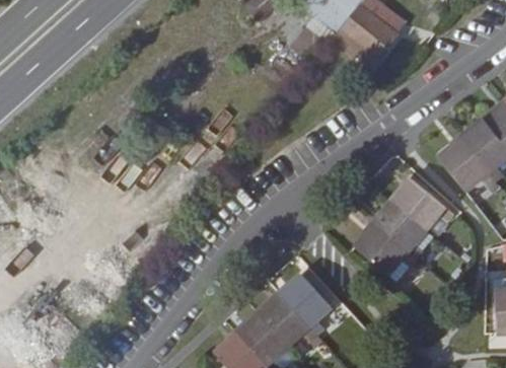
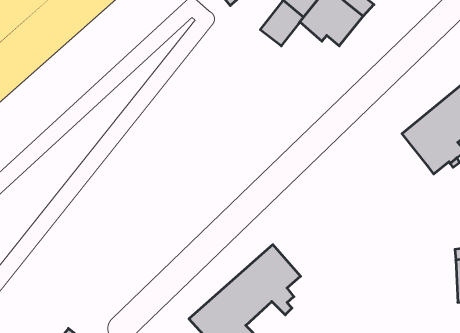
building: [355,176,455,280] -> none

